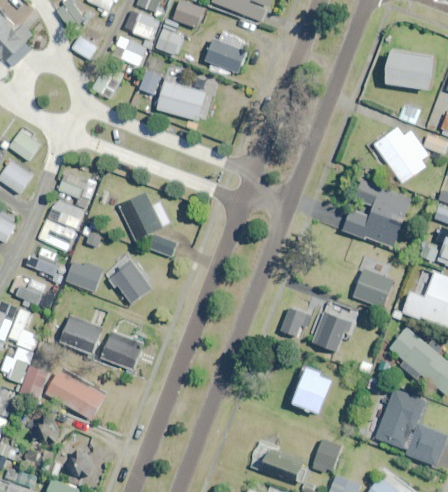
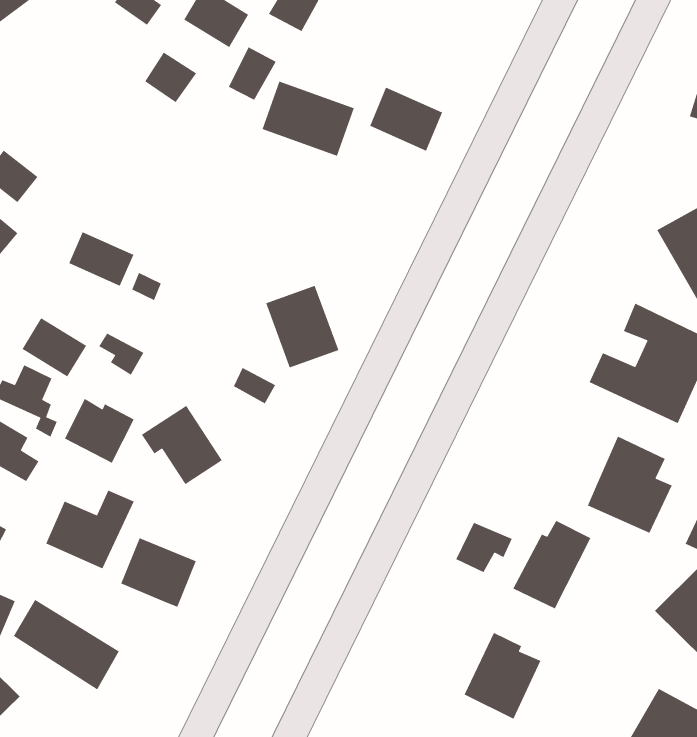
building: [206,39,245,72] -> [369,87,443,152]
building: [120,194,162,240] -> [265,285,339,368]
building: [49,200,83,229] -> none

